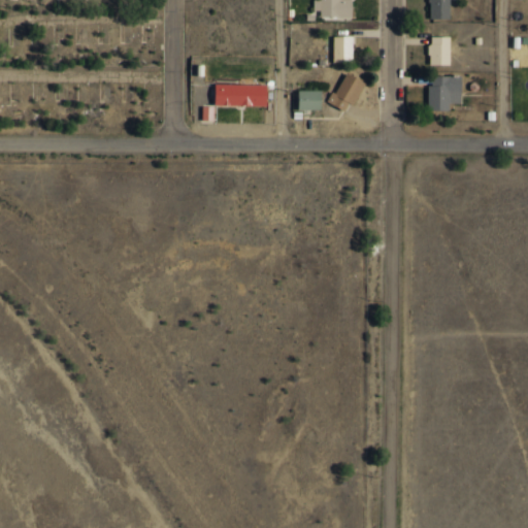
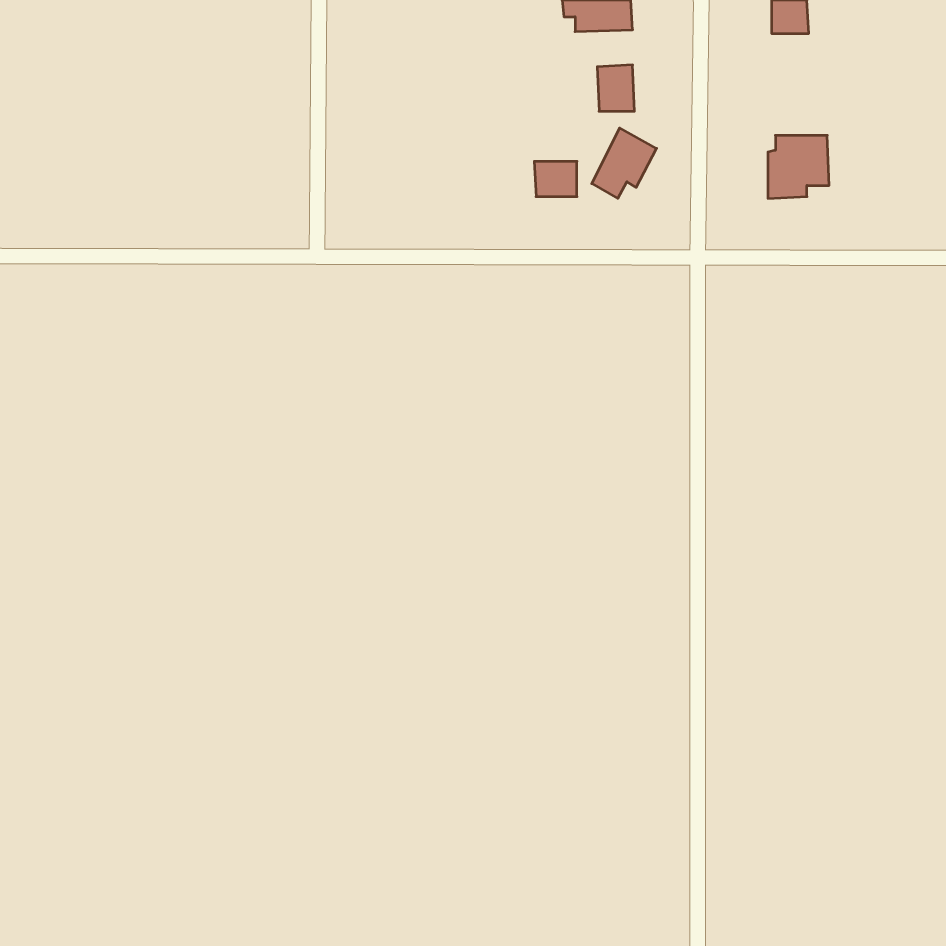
building: [429,37,451,66] -> none
building: [214,85,267,107] -> none

